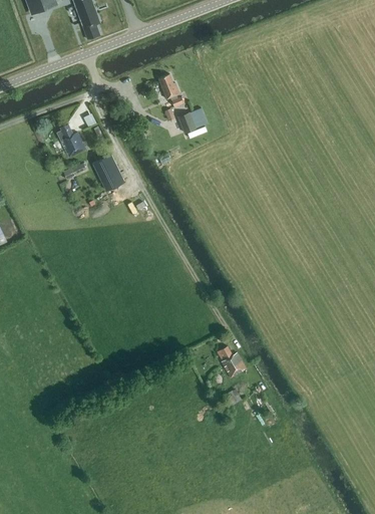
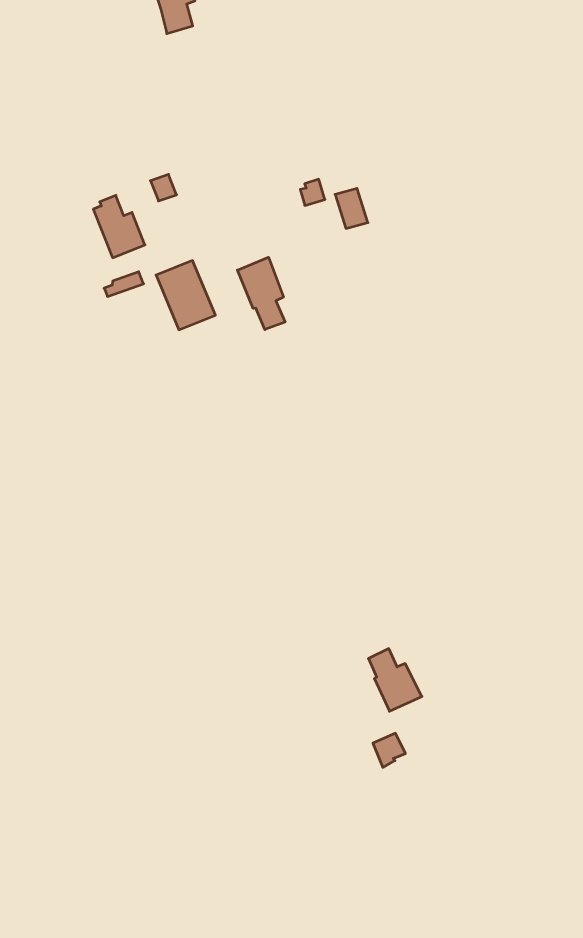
building: [159,74,184,106] -> none
building: none -> [237,257,285,330]

